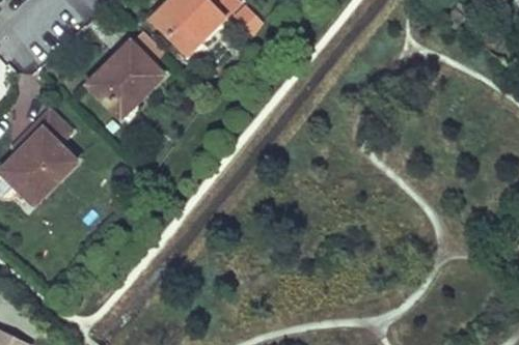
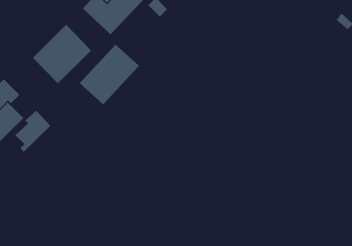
building: none -> [79,44,140,105]
building: none -> [15,110,51,153]

